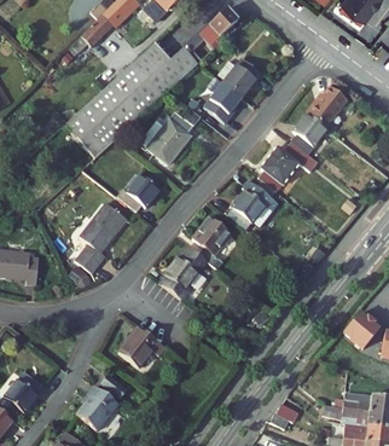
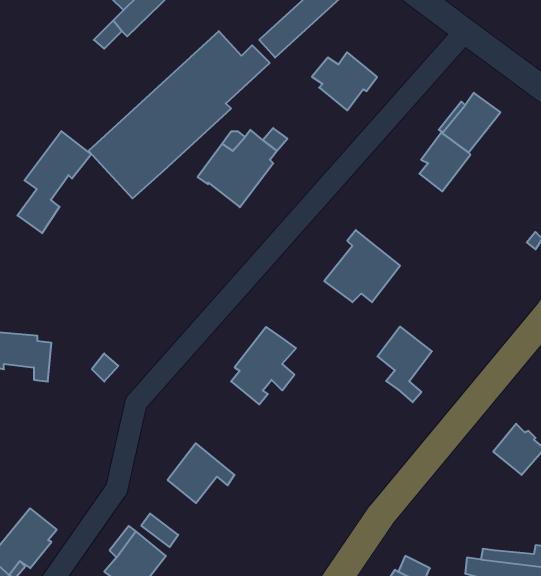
building: [204,81,243,122] -> none
building: [259,140,319,191] -> none
building: [117,173,161,210] -> none
building: [76,202,127,272] -> [17,131,91,233]
building: [193,216,231,268] -> [377,327,432,402]

